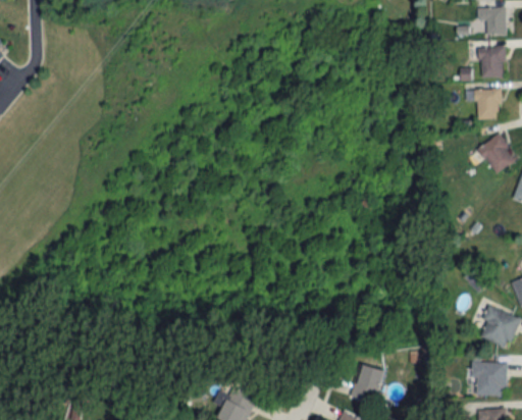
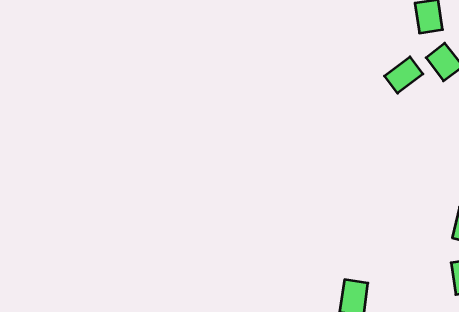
building: none -> [384,57,423,93]

